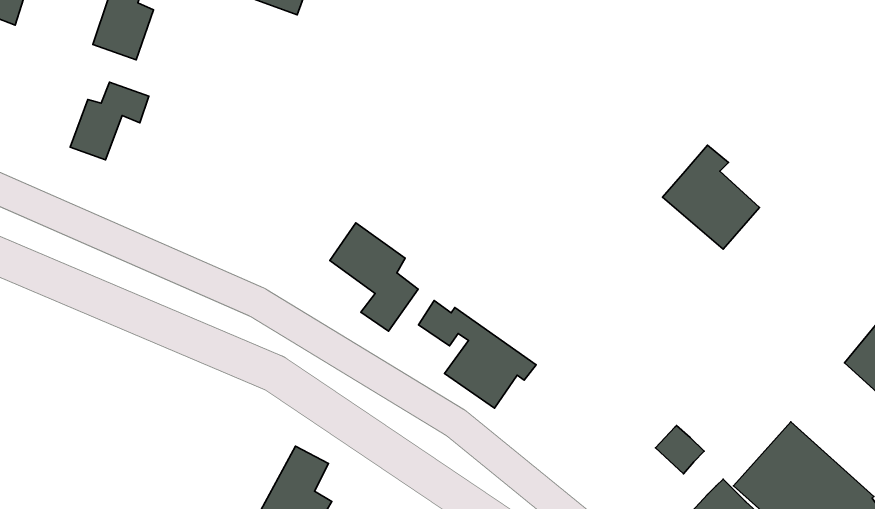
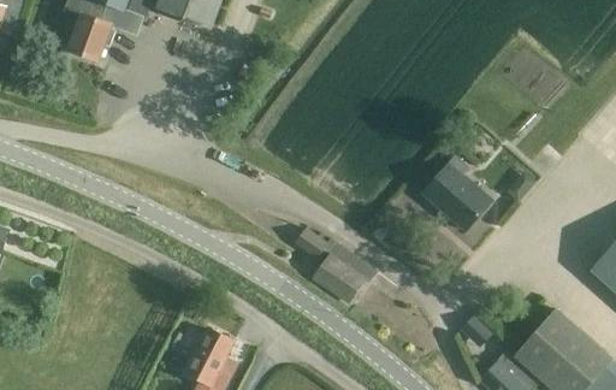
building: [70,82,149,160] -> none
building: [663,145,760,249] -> [424,156,491,229]
building: [330,223,418,331] -> none

